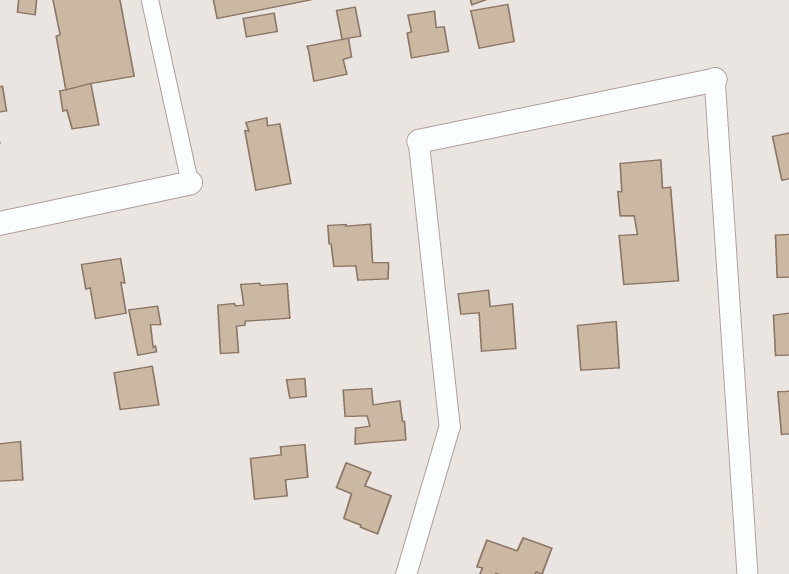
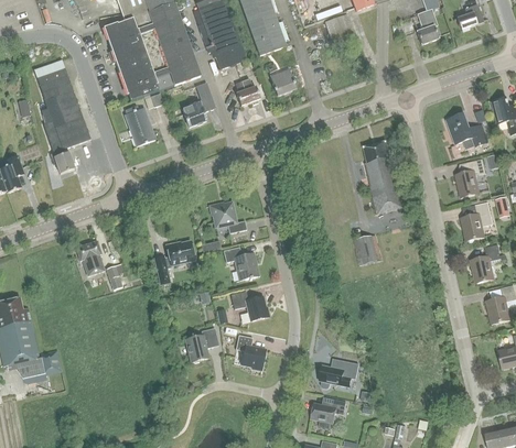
building: [245,118,291,190] -> [125,105,154,145]
building: [458,290,516,351] -> [223,245,259,280]
building: [114,366,159,410] -> none

